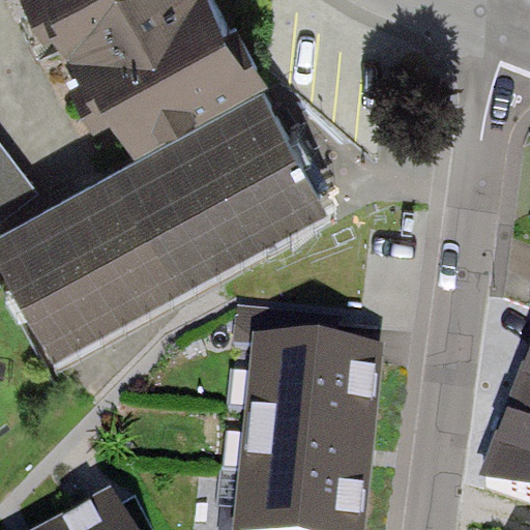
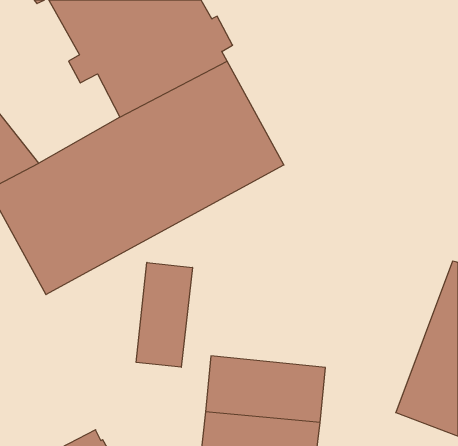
building: none -> [136,262,192,367]
building: [242,351,382,439] -> none

